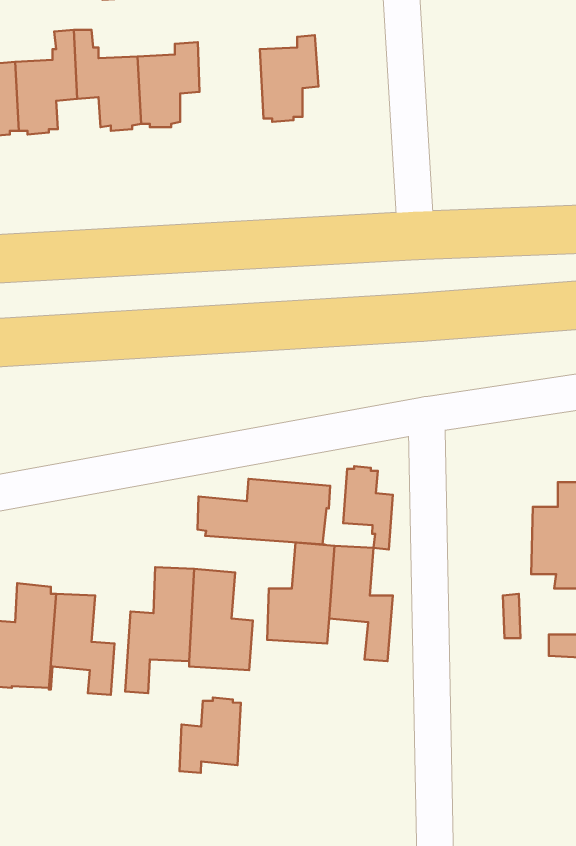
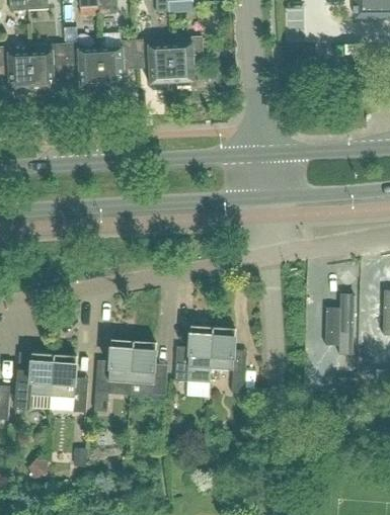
building: none -> [135,38,172,86]
building: [343,466,393,549] -> none
building: [197,479,330,545] -> none
building: [179,698,241,773] -> none

